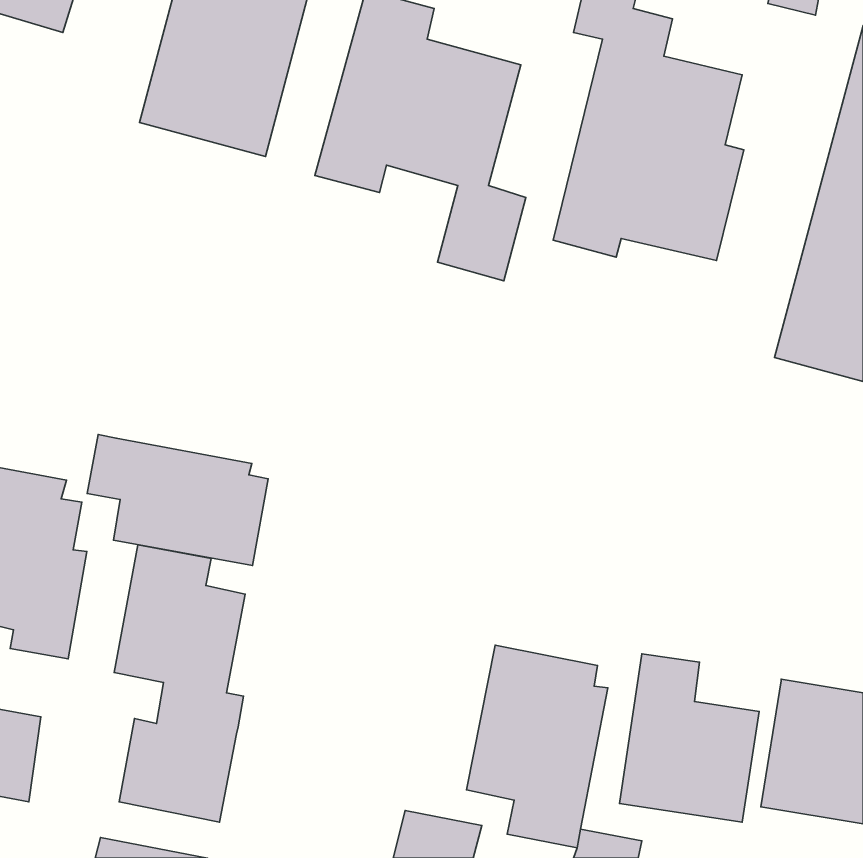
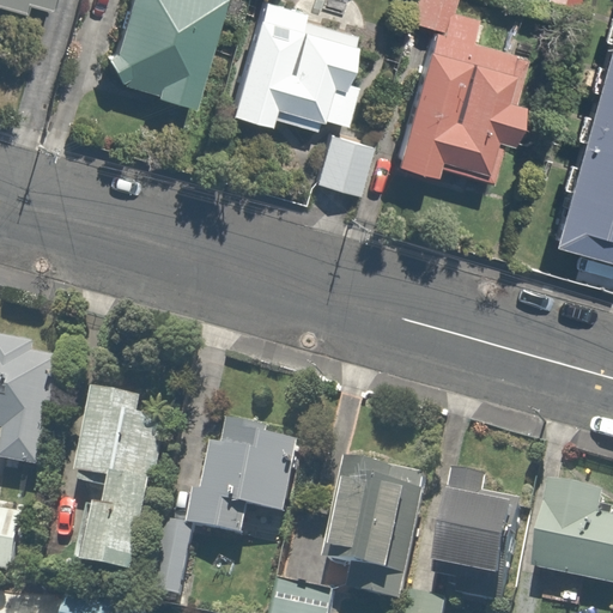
building: [87,435,268,565] -> none
building: none -> [153,414,303,593]

